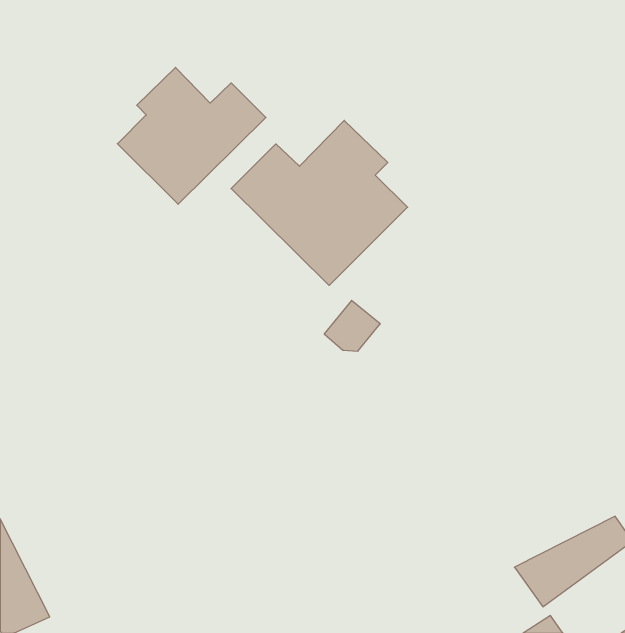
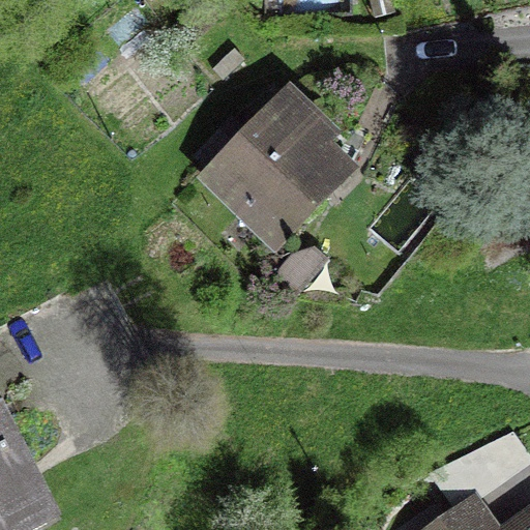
building: [117,67,266,204] -> none

